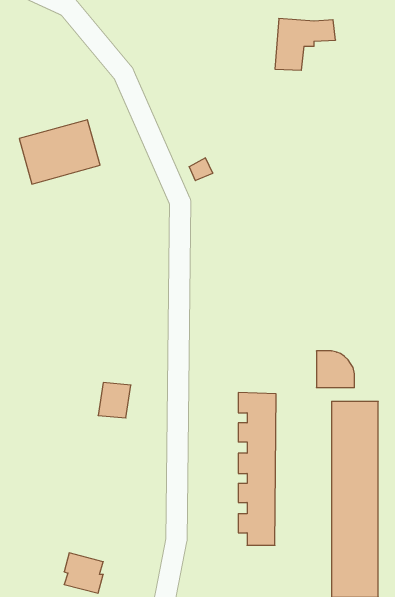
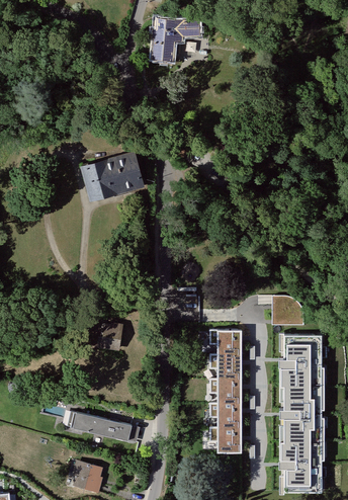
building: [275,19,336,70] -> [152,19,200,61]
building: [19,120,100,184] -> [82,150,147,201]
building: none -> [69,410,140,441]

